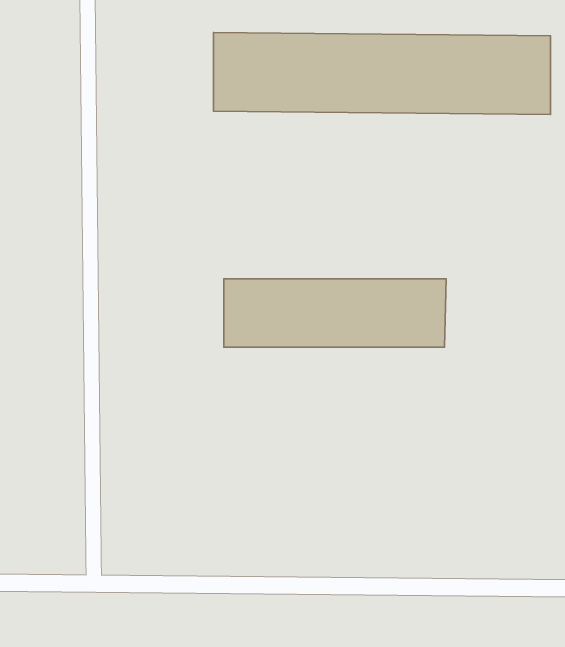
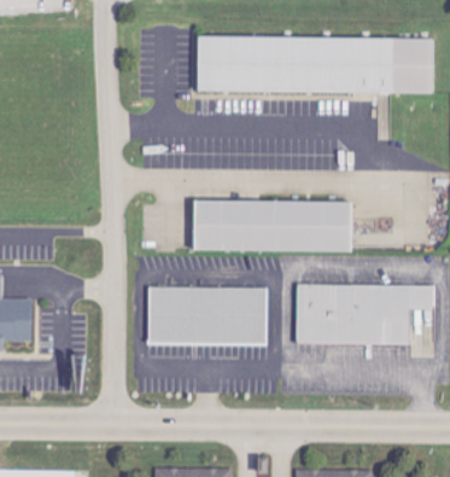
building: none -> [296,285,433,343]
building: none -> [154,292,275,350]

